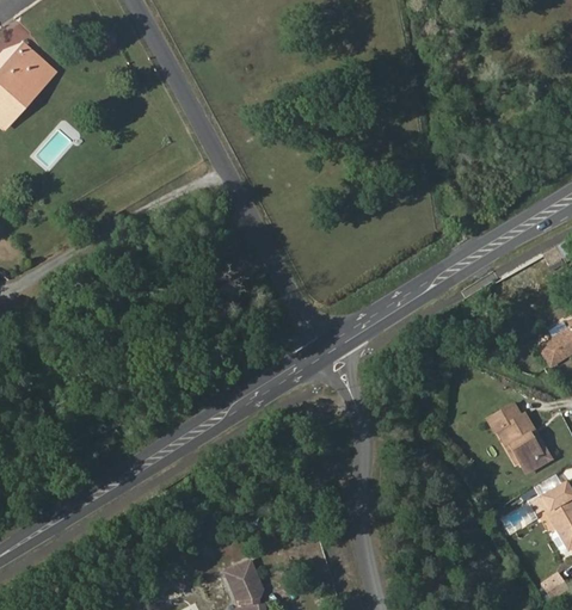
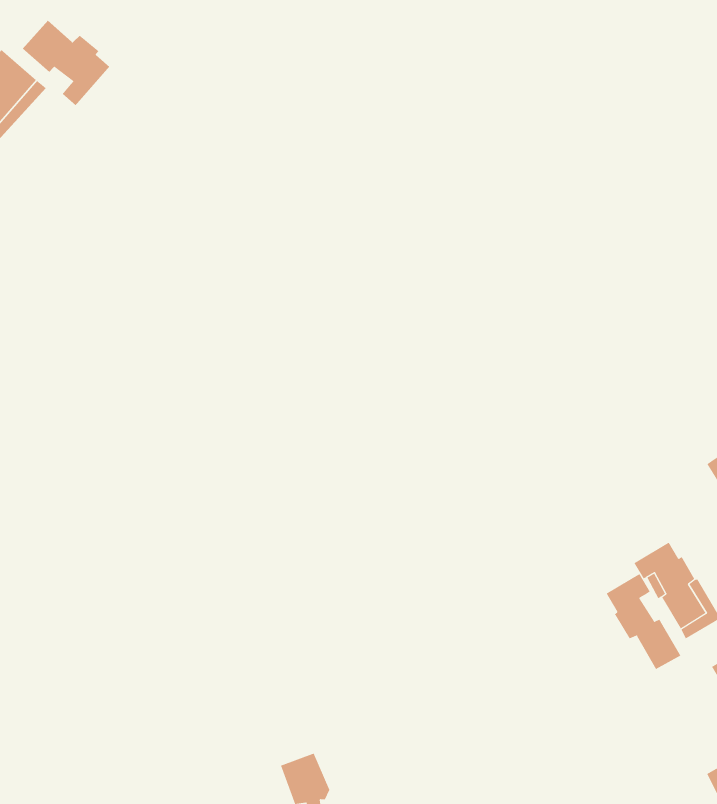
building: none -> [22,20,110,106]
building: none -> [606,573,681,670]

